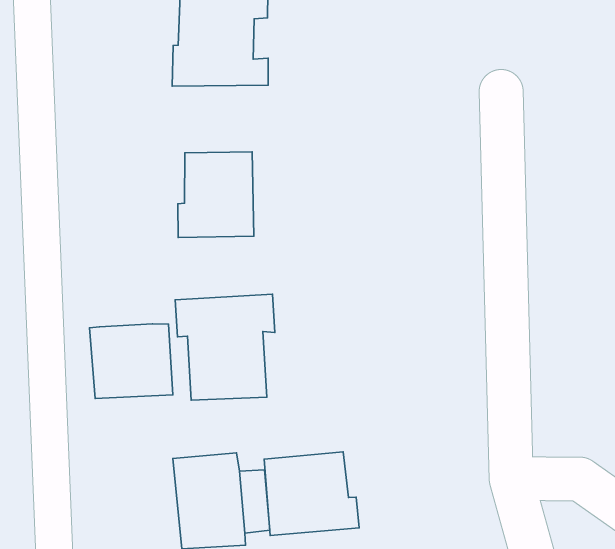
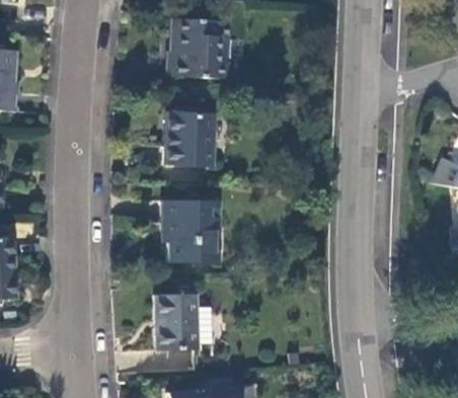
building: [90,324,173,398] -> none
building: [264,452,359,536] -> none

